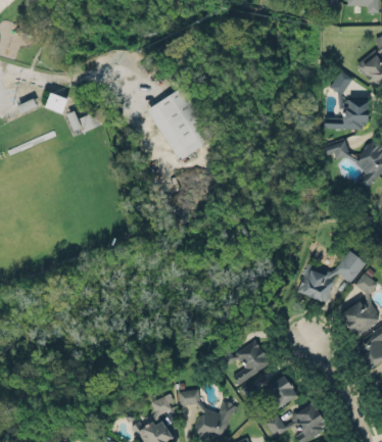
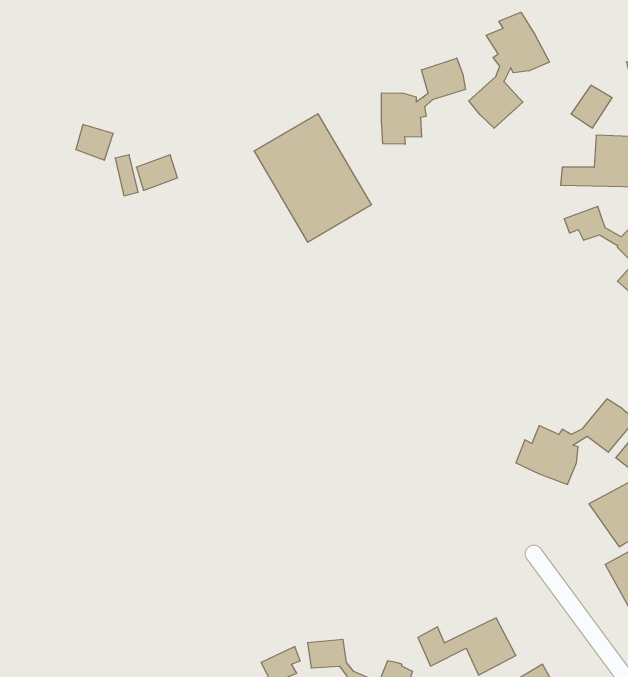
building: none -> [469,12,550,128]
building: none -> [381,58,466,144]
building: [217,341,272,386] -> none

